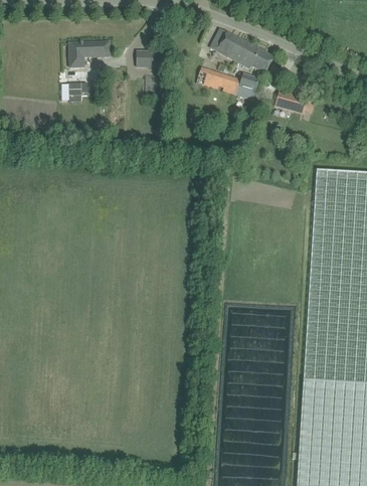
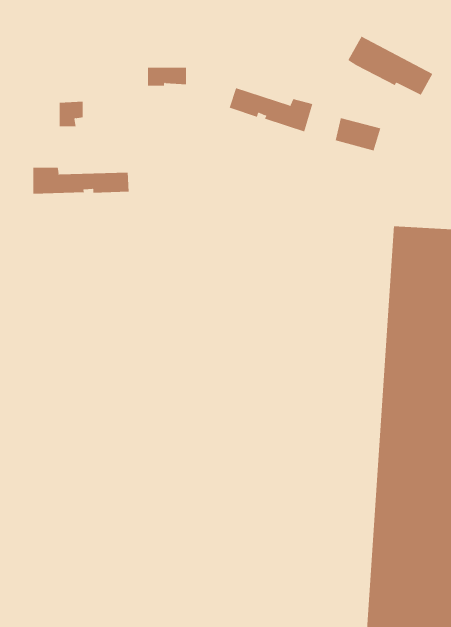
building: [210,29,273,73] -> [348,36,433,95]
building: [68,42,110,68] -> none
building: none -> [33,167,129,195]

